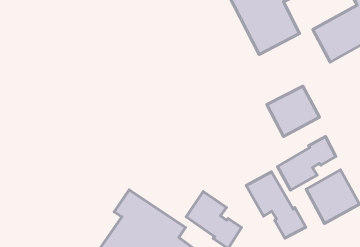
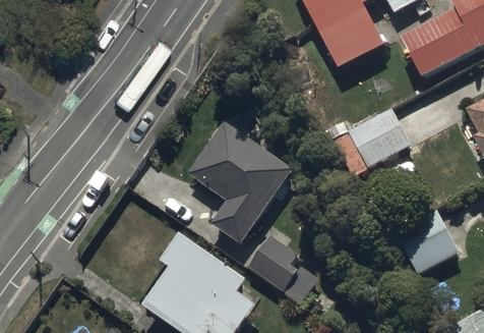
building: none -> [187,120,292,244]
building: [278,137,336,190] -> none
building: [246,172,306,238] -> none

